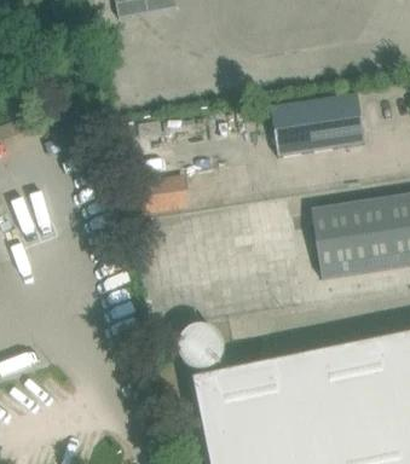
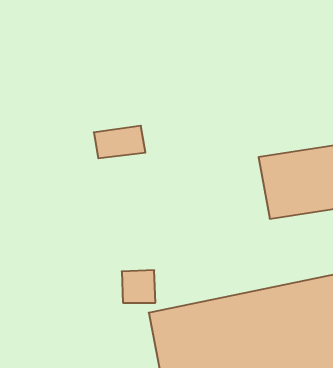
building: [270,93,364,153] -> none

